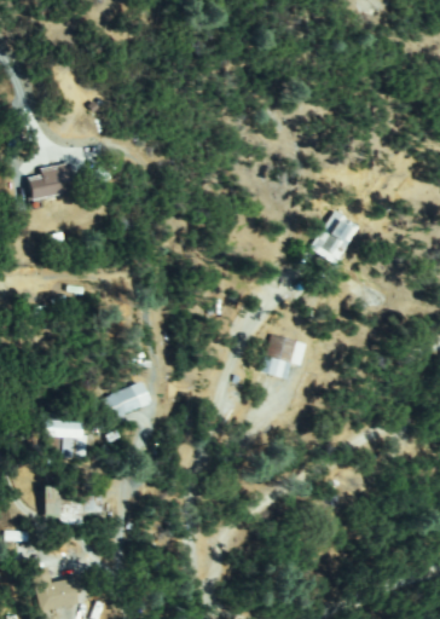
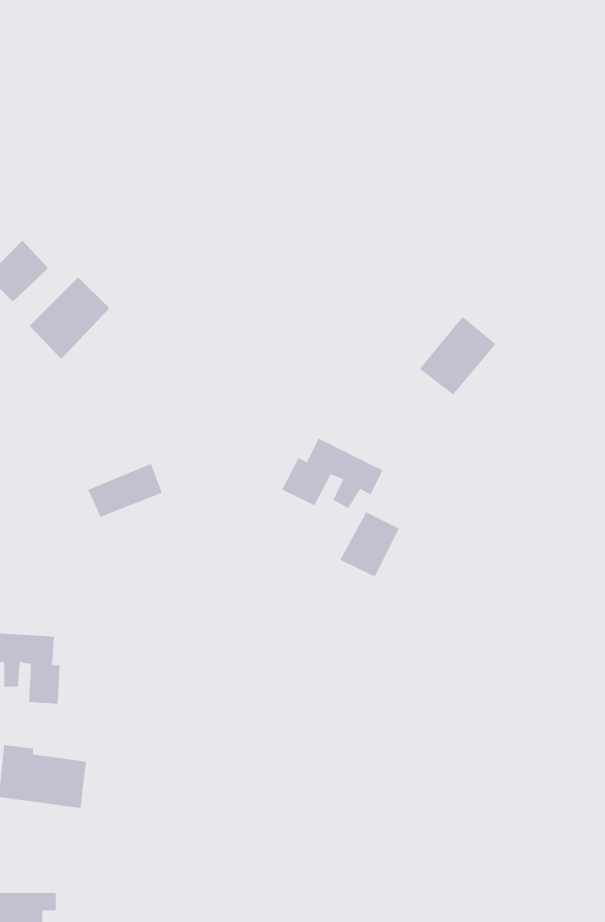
building: none -> [29,276,110,360]
building: none -> [281,438,383,509]
building: [98,384,146,420] -> [87,463,163,518]

